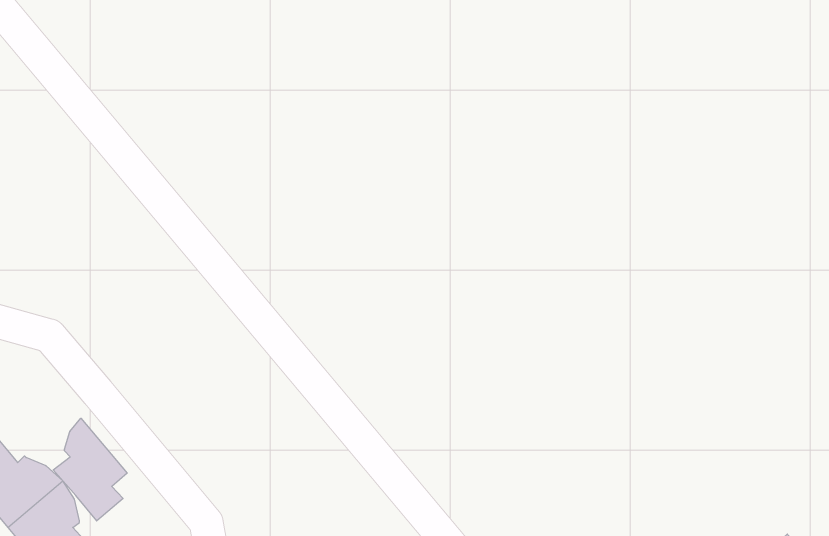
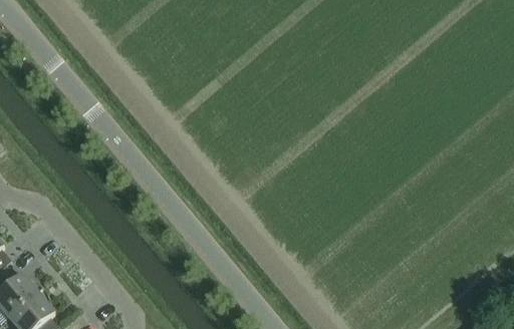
building: [53,418,127,521] -> none

